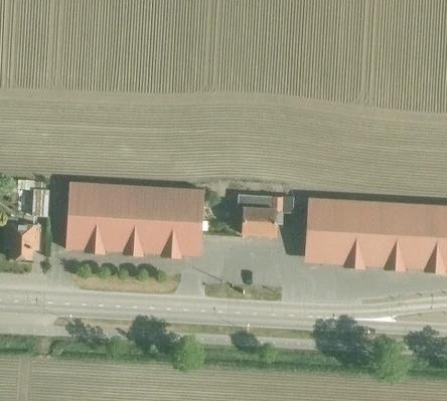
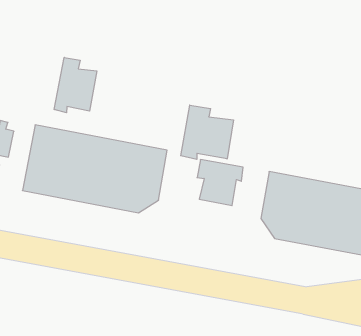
building: none -> [54,57,97,113]
building: none -> [181,105,233,159]

